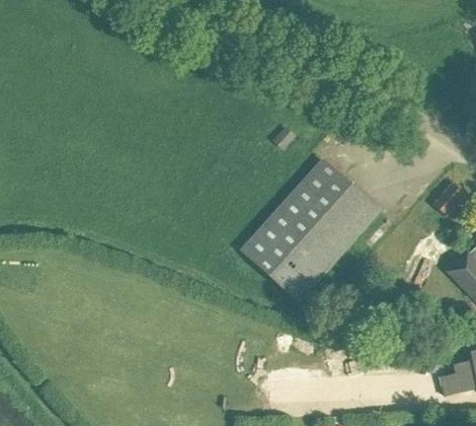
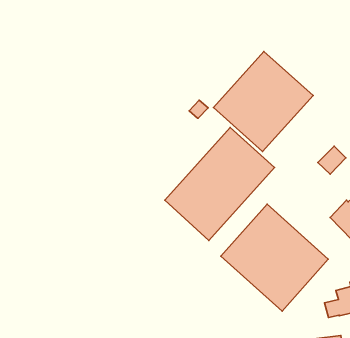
building: none -> [213,51,313,152]
building: none -> [221,204,328,311]

